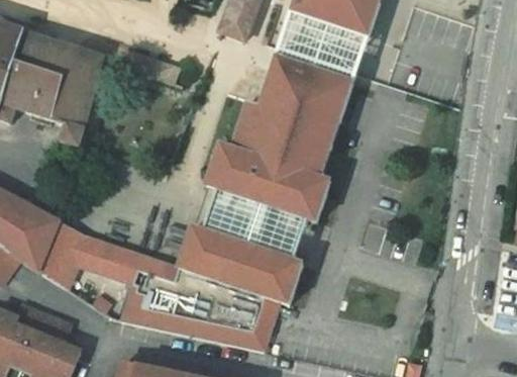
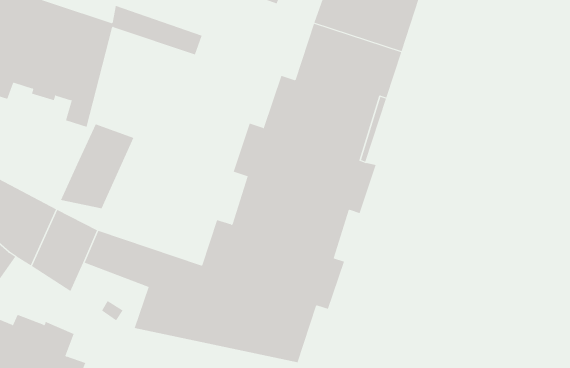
building: none -> [60,123,134,209]

